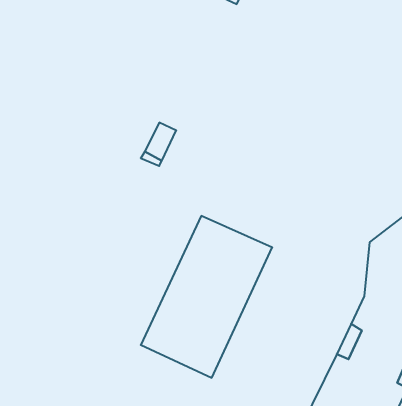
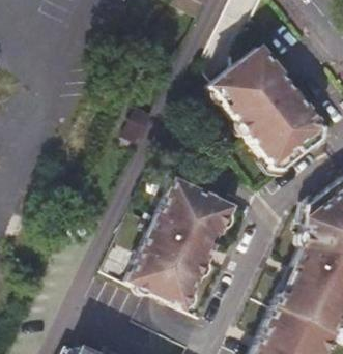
building: none -> [212,49,322,169]

